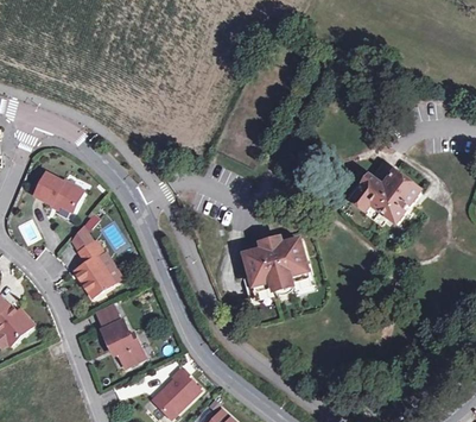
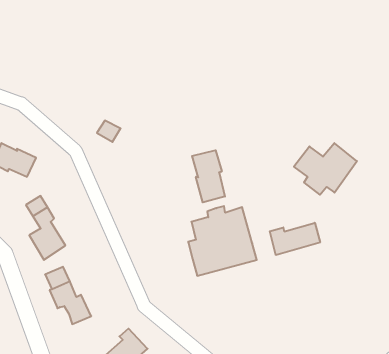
building: none -> [192,150,225,202]
building: none -> [270,223,320,255]

